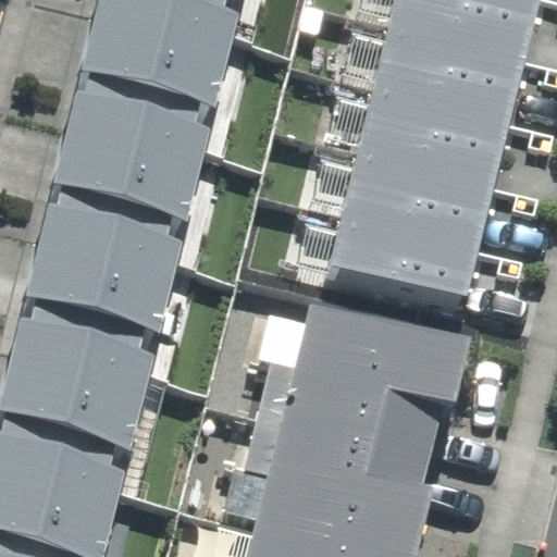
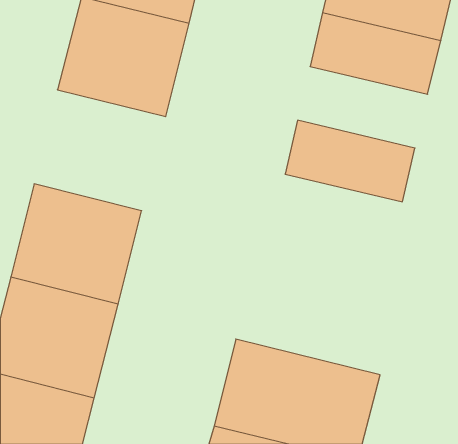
building: [361,81,519,180] -> none
building: [41,109,201,256] -> none
building: [331,211,488,310] -> none
building: [286,306,487,455] -> none

